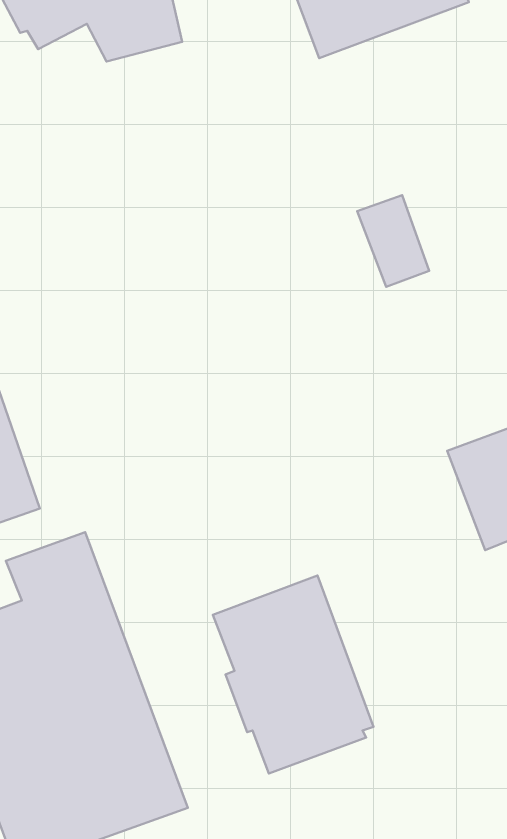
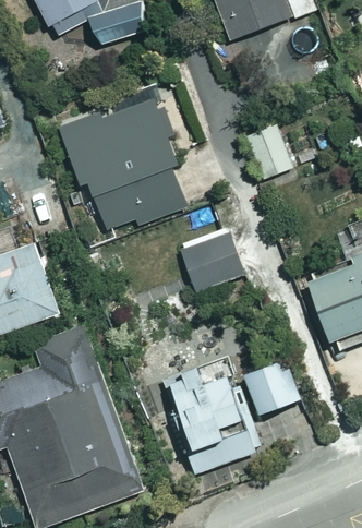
building: none -> [57,98,186,229]
building: none -> [181,231,243,290]
building: none -> [241,356,298,411]

